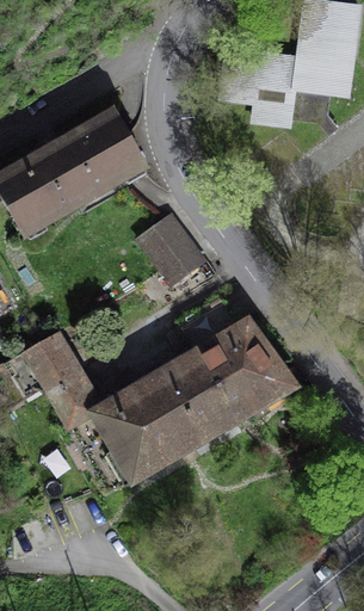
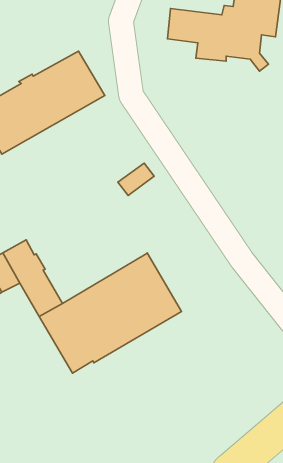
building: [141,212,195,266] -> none
building: [179,294,296,419] -> none

